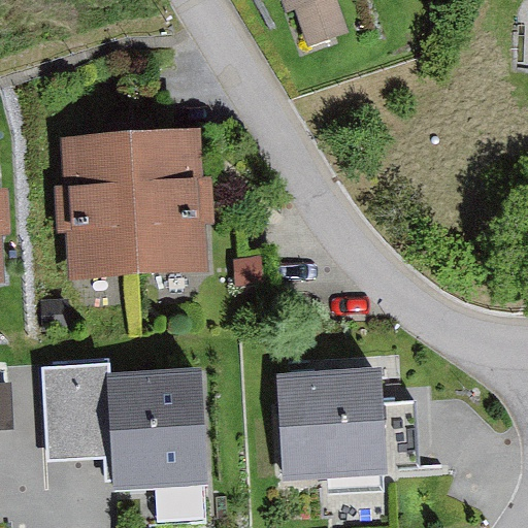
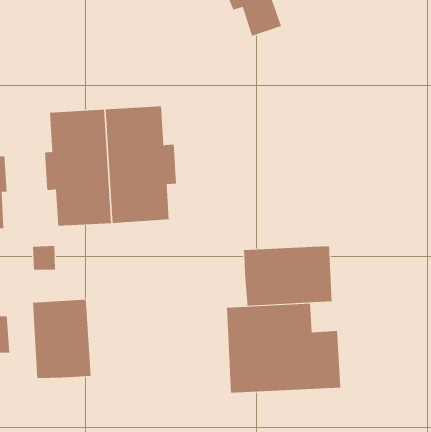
building: none -> [243,246,332,306]
building: [106,369,208,483] -> none

